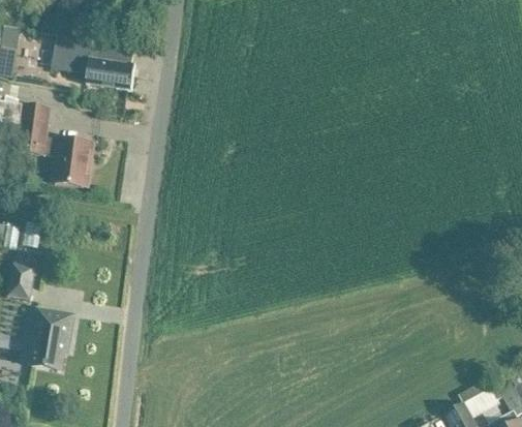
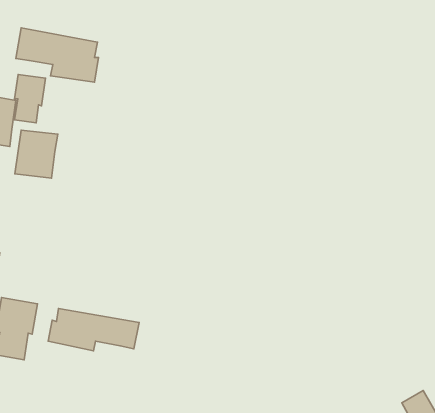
building: none -> [14,74,45,123]
building: none -> [48,308,139,351]

